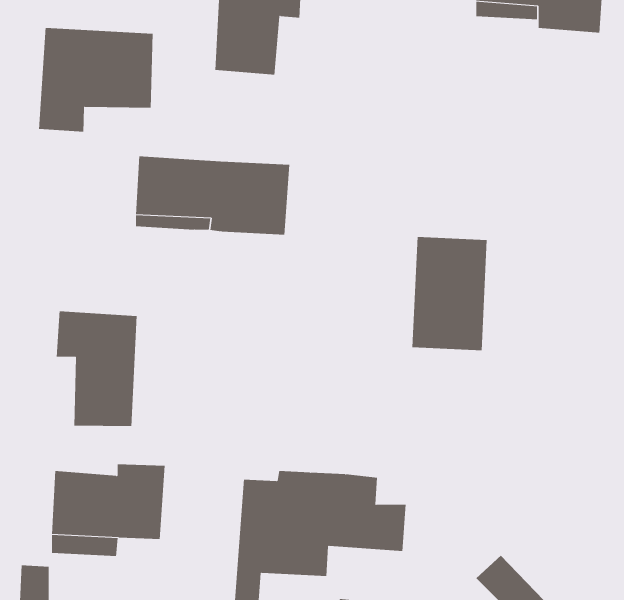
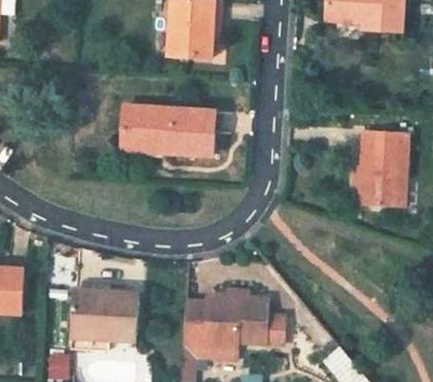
building: [38,27,153,133] -> none
building: [412,236,487,351] -> [362,134,408,203]
building: [56,310,137,427] -> none

